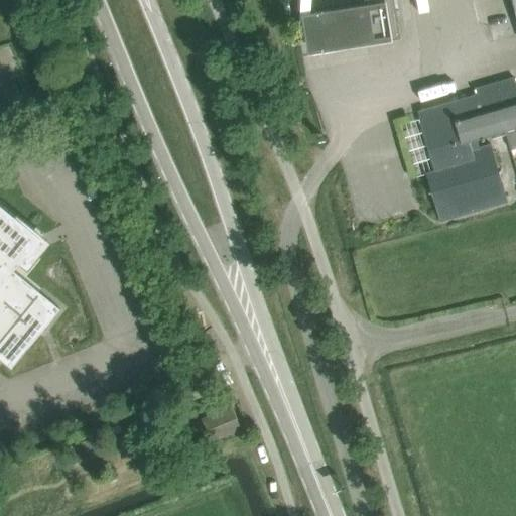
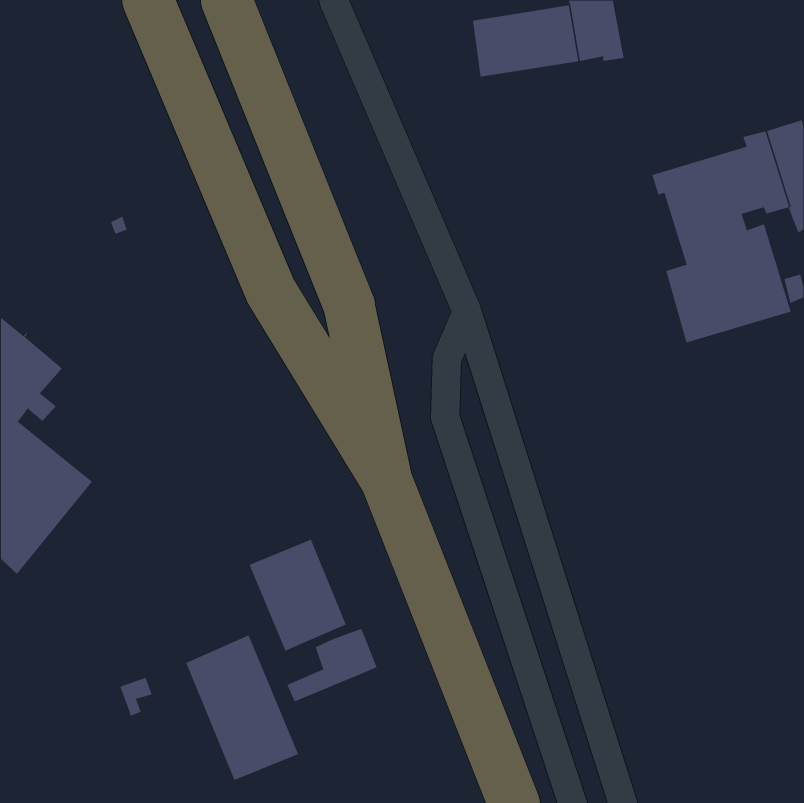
building: none -> [249,539,347,651]
building: none -> [185,635,299,781]

